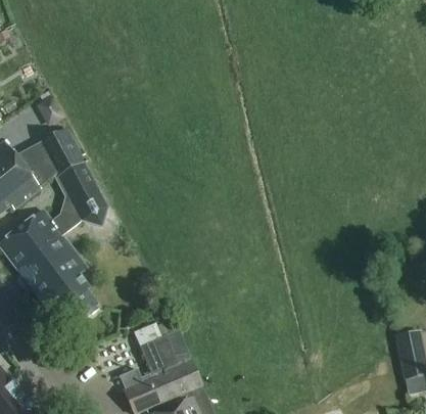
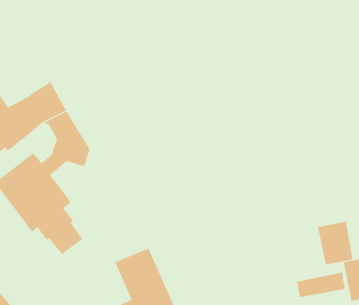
building: none -> [317,221,353,265]
building: none -> [296,272,345,298]

